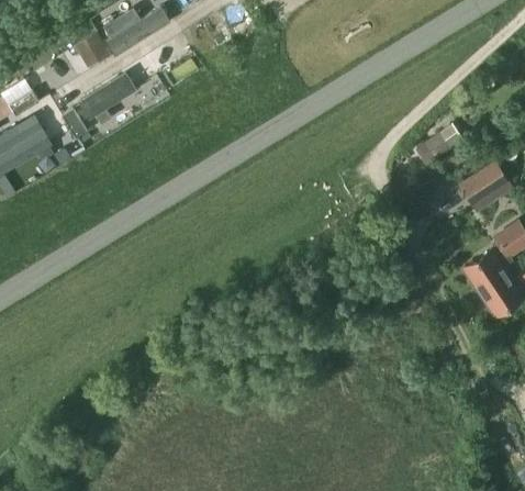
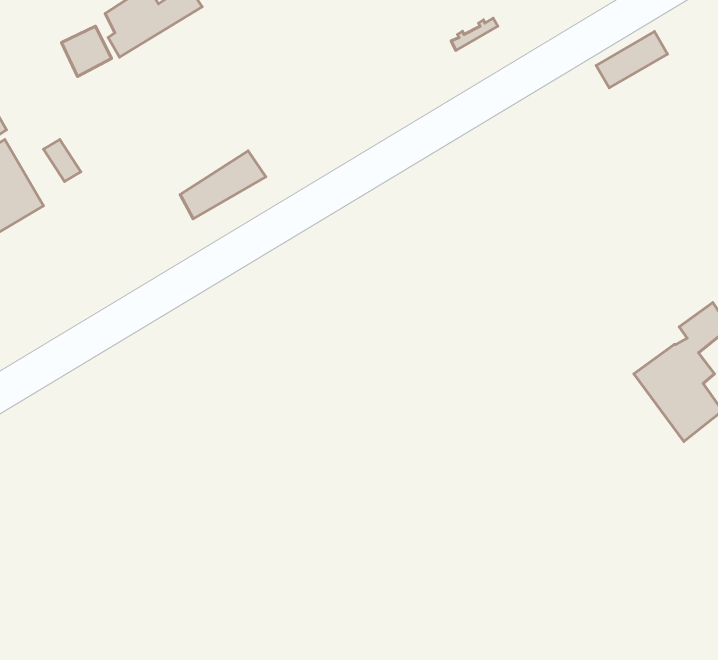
building: [79,72,137,119] -> [180,151,266,219]
building: [414,124,462,163] -> [596,31,667,88]
building: [460,165,506,205] -> none

